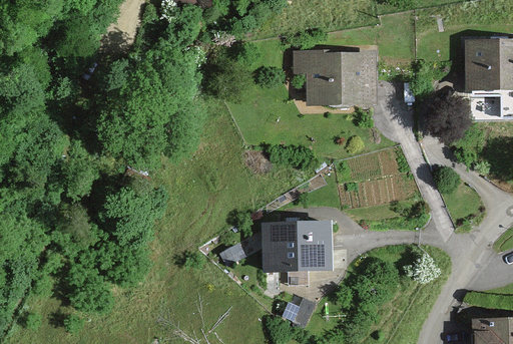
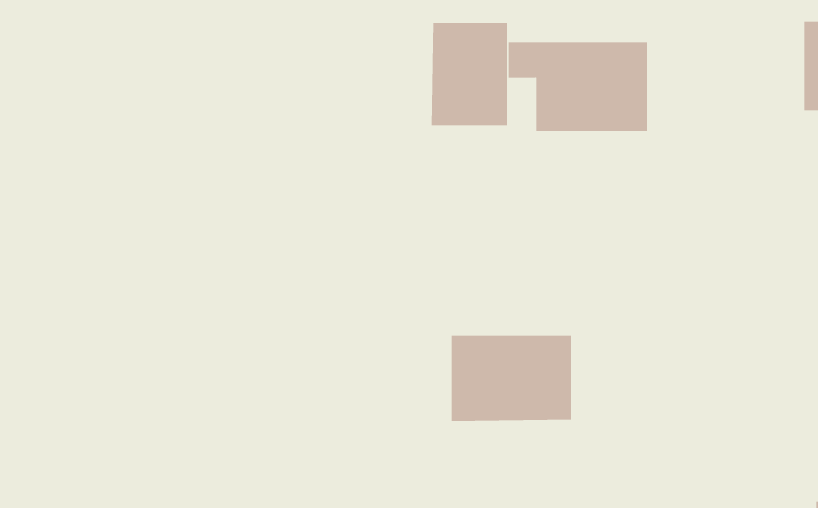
building: none -> [431,22,507,126]

